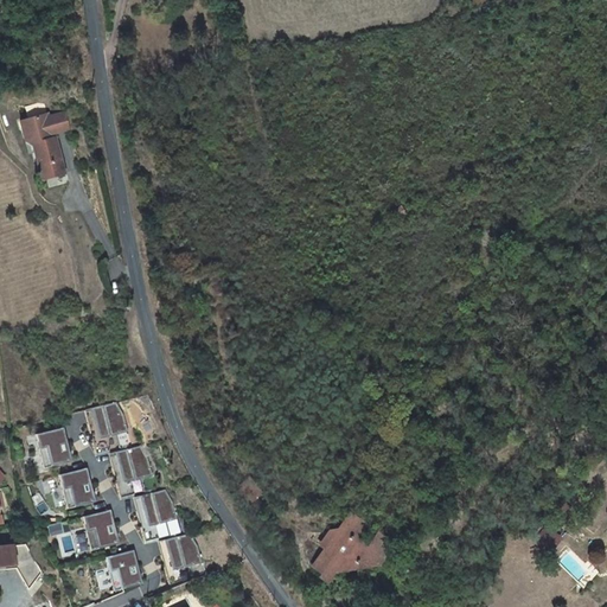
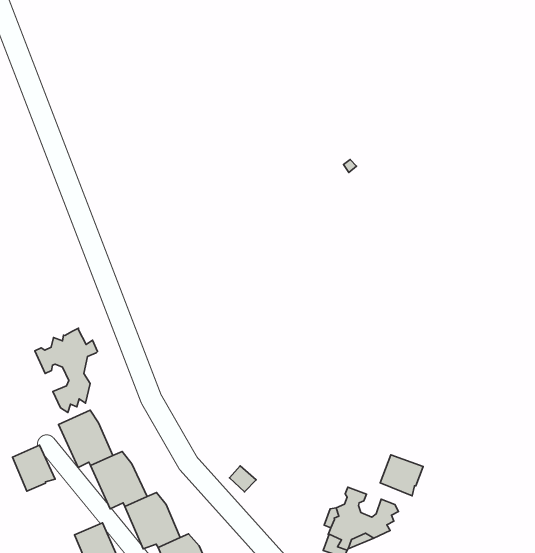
building: none -> [35,328,98,412]
building: [58,466,95,507] -> none
building: none -> [380,455,423,496]

